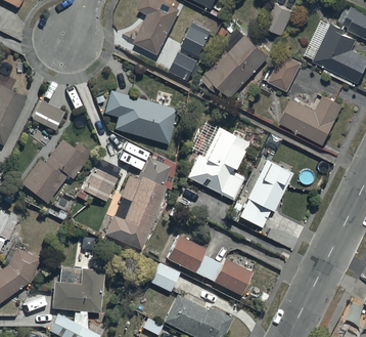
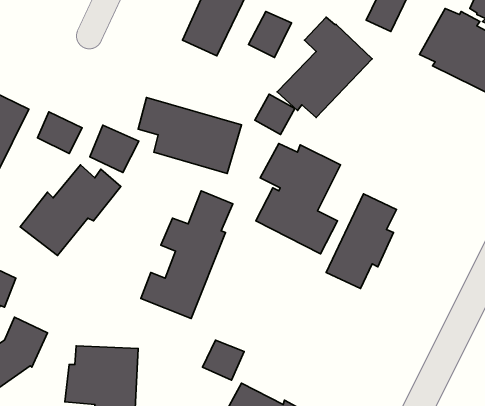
building: [170,54,198,83] -> [255,94,295,134]
building: [269,56,303,94] -> none
building: [278,98,340,141] -> none
building: [82,164,117,198] -> [90,125,139,173]
building: [165,231,251,292] -> none

